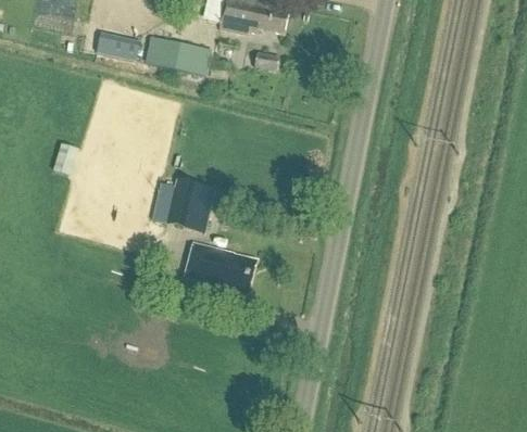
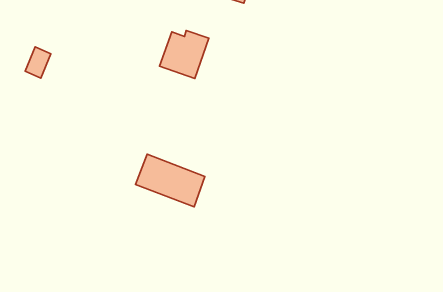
building: [152,178,201,228] -> [159,30,209,79]

